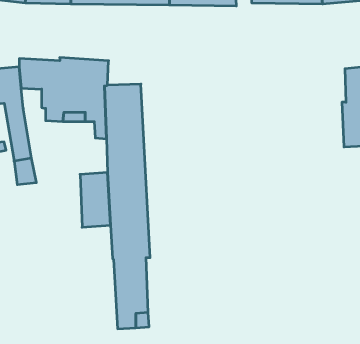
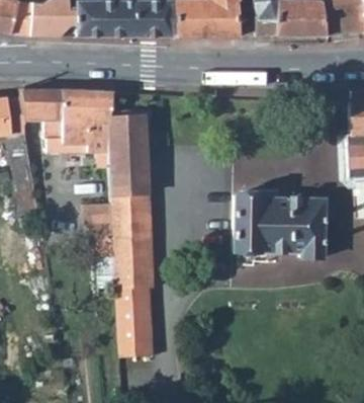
building: none -> [235,193,325,257]

